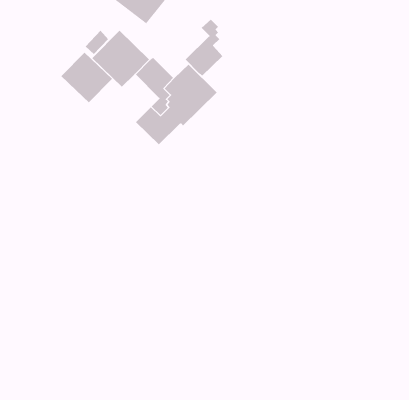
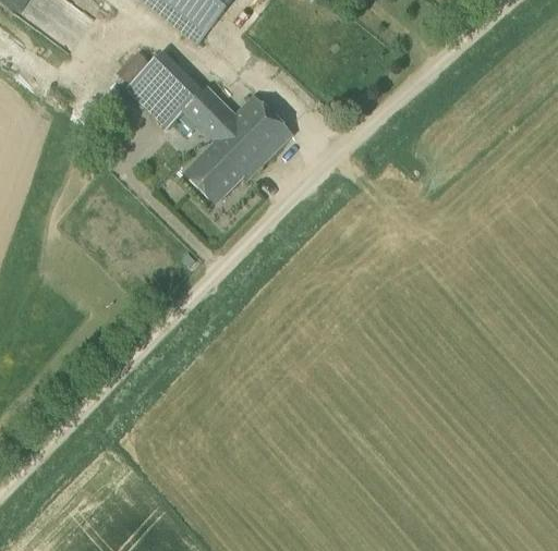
building: [185,19,223,77] -> none
building: [61,52,113,103] -> none

